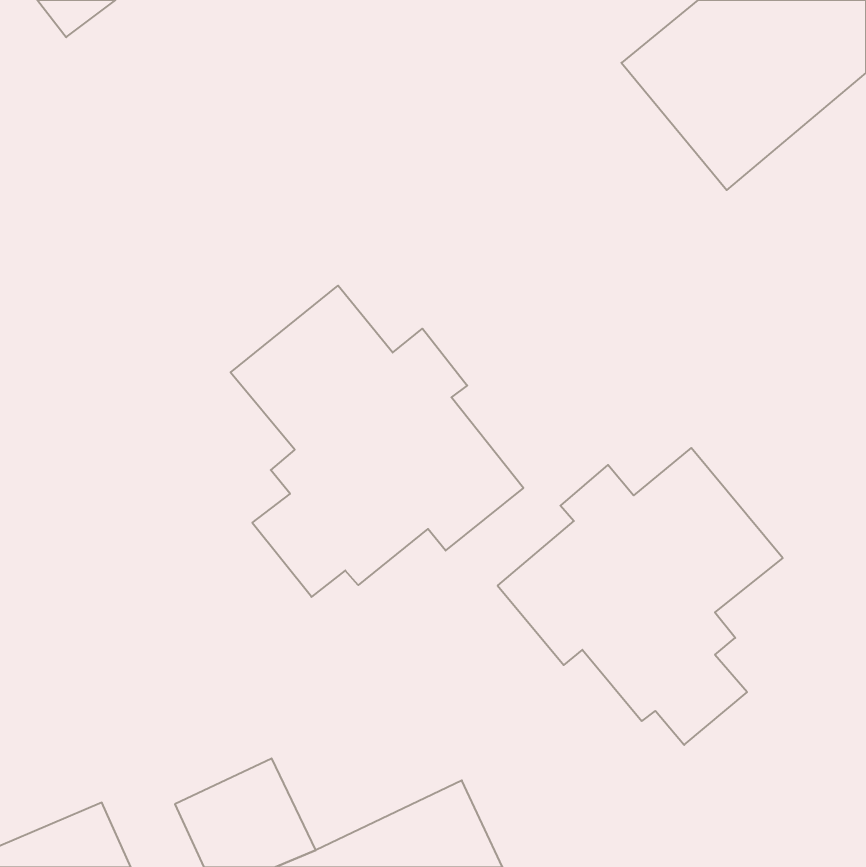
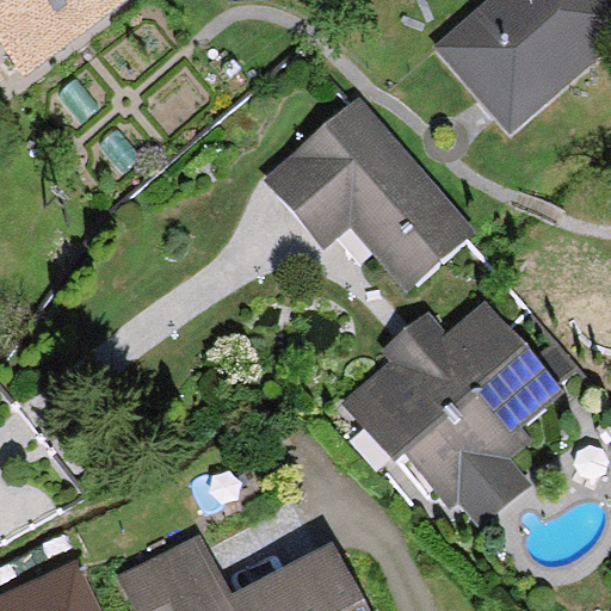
building: none -> [265,97,458,270]
building: [231,286,523,597] -> none

